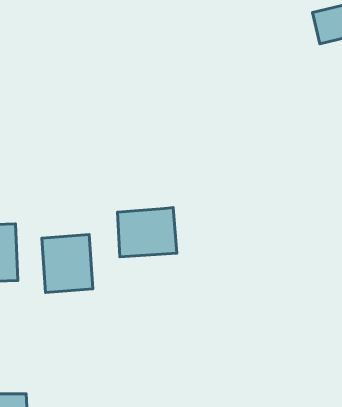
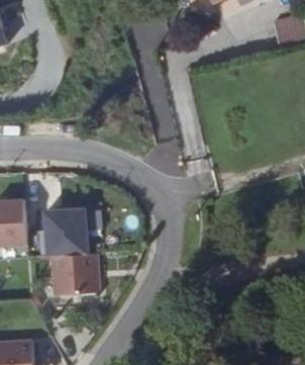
building: [118,207,177,257] -> [48,253,98,294]

